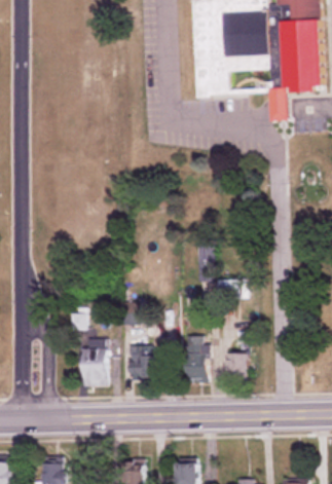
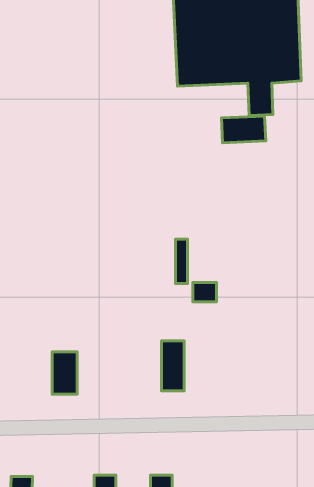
building: none -> [222,116,266,143]
building: [128,344,162,377] -> none
building: [226,352,247,378] -> none

